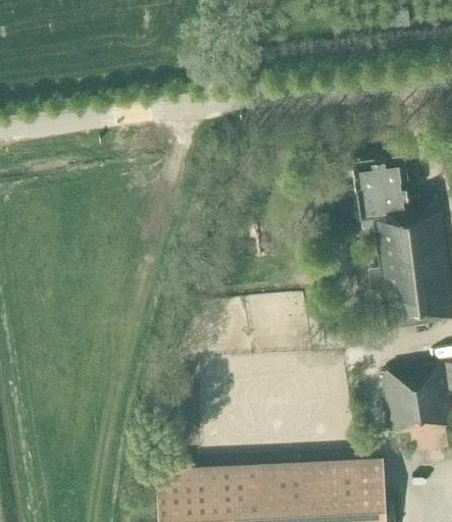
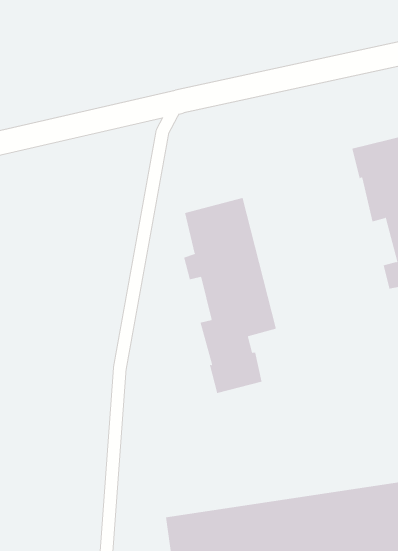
building: none -> [183,197,276,394]

